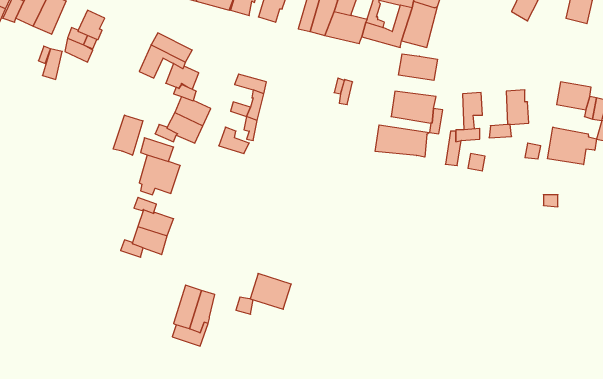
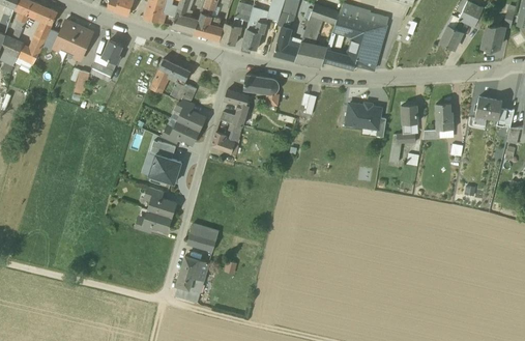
building: [399,54,437,80] -> none
building: none -> [243,74,279,105]
building: [113,115,143,155] -> none
building: [375,125,429,157] -> none
building: [548,127,596,165] -> none
building: [250,273,291,309] -> [186,222,218,250]

